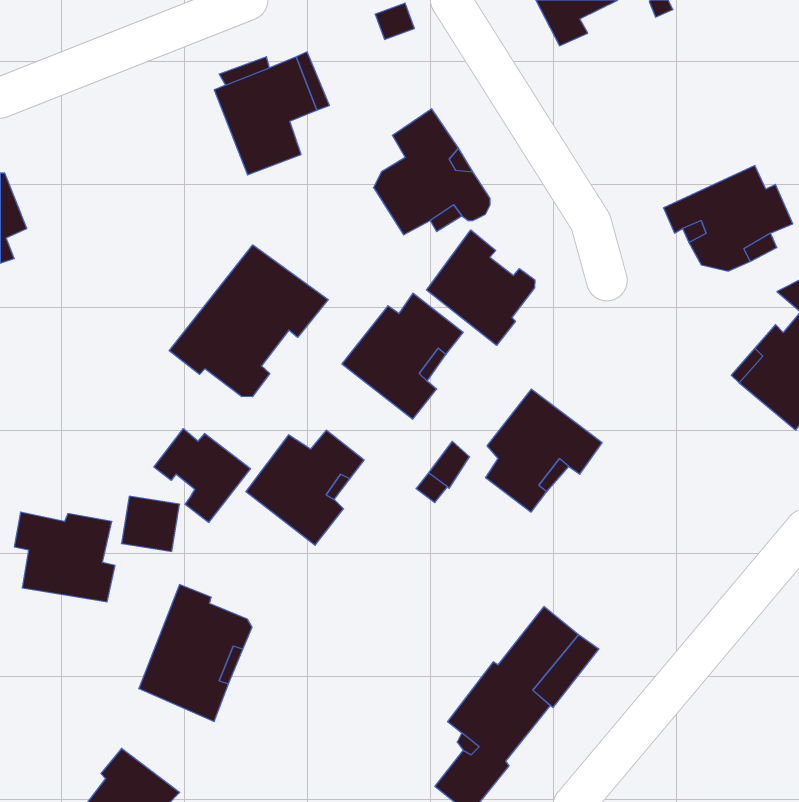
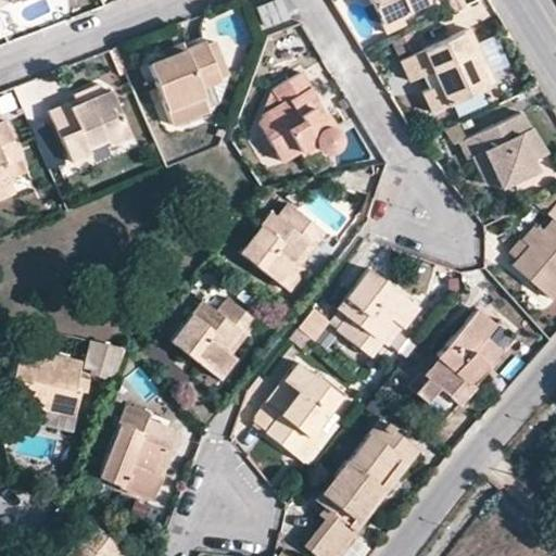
building: none -> [404,33,491,113]
building: none -> [49,85,131,164]
building: [426,230,535,345] -> none
building: [169,245,328,397] -> none
building: [154,429,250,522] -> none
building: none -> [410,309,504,419]
building: none -> [258,364,340,454]

